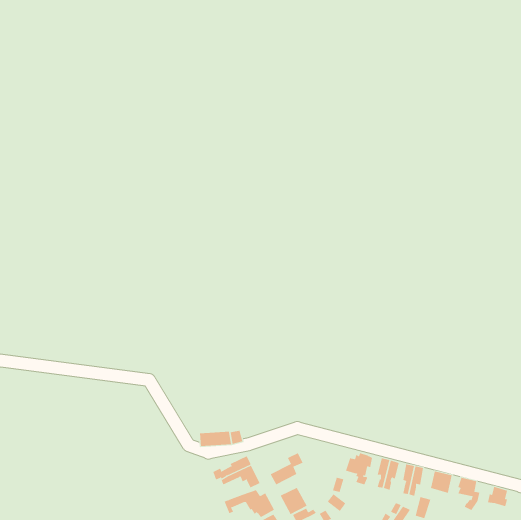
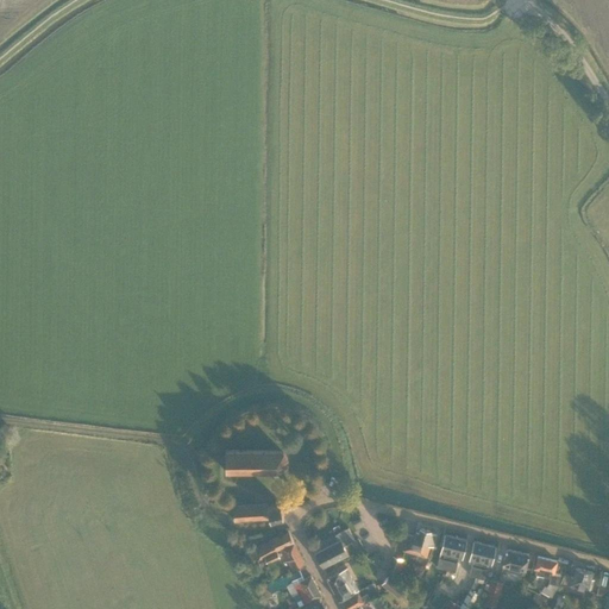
building: none -> [225,452,287,472]

